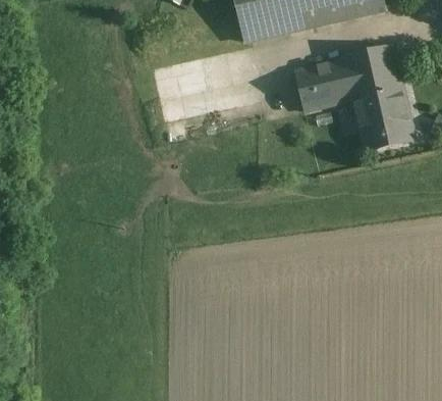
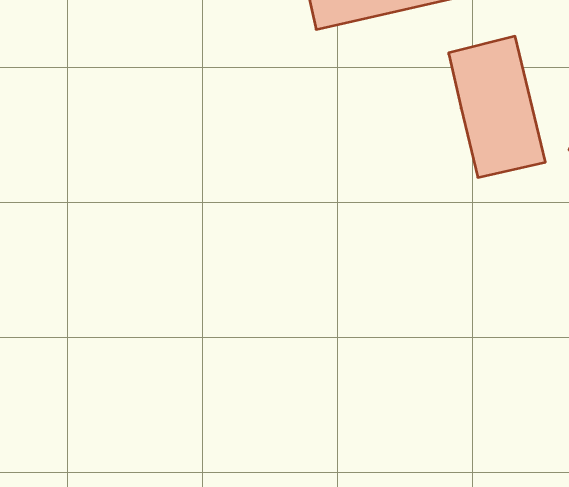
building: [294,58,352,110] -> none

